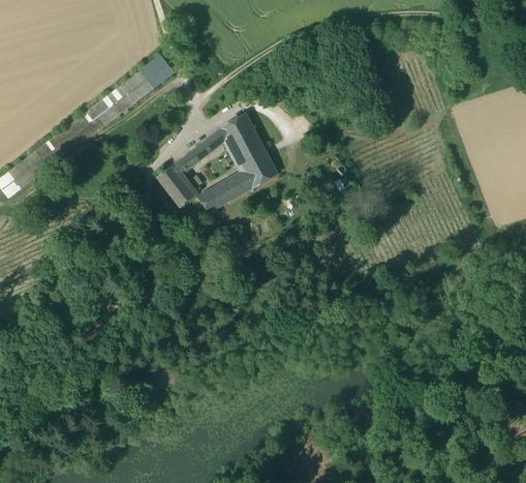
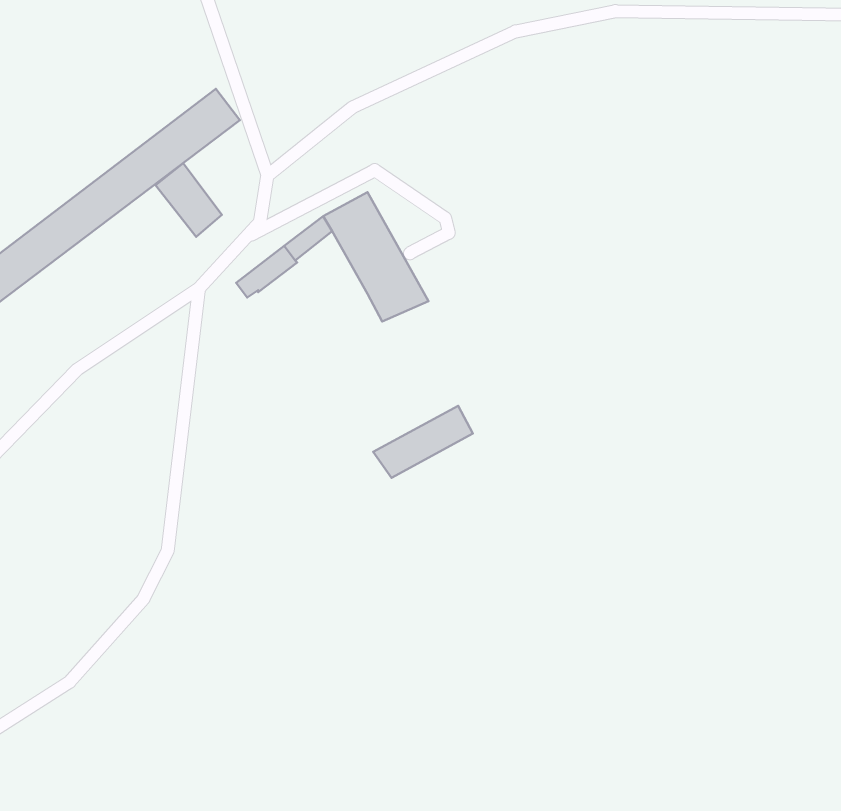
building: [155,164,192,206] -> [155,163,222,237]
building: [196,171,252,211] -> [373,406,473,478]

